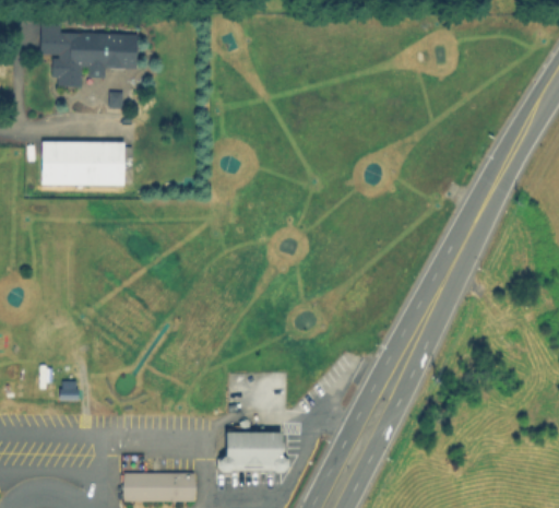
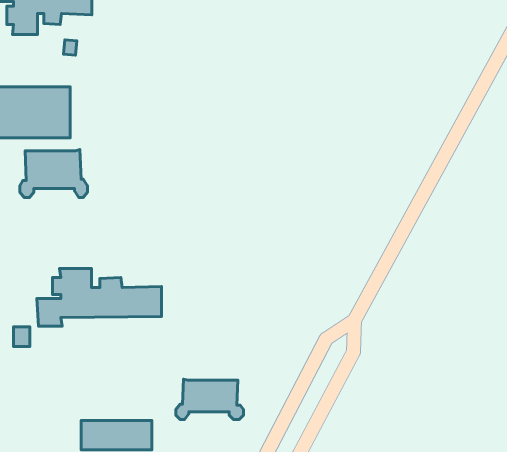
building: none -> [20,150,88,197]
building: none -> [37,269,161,326]

